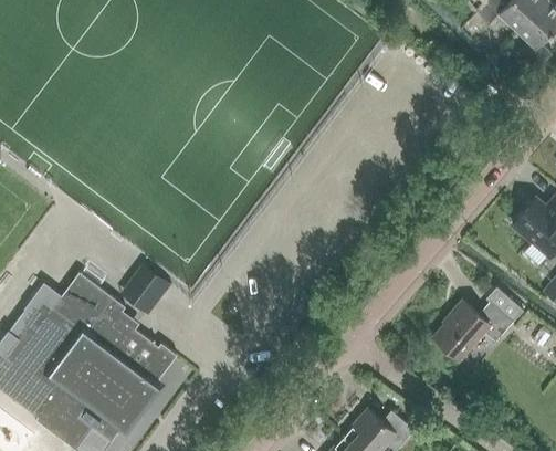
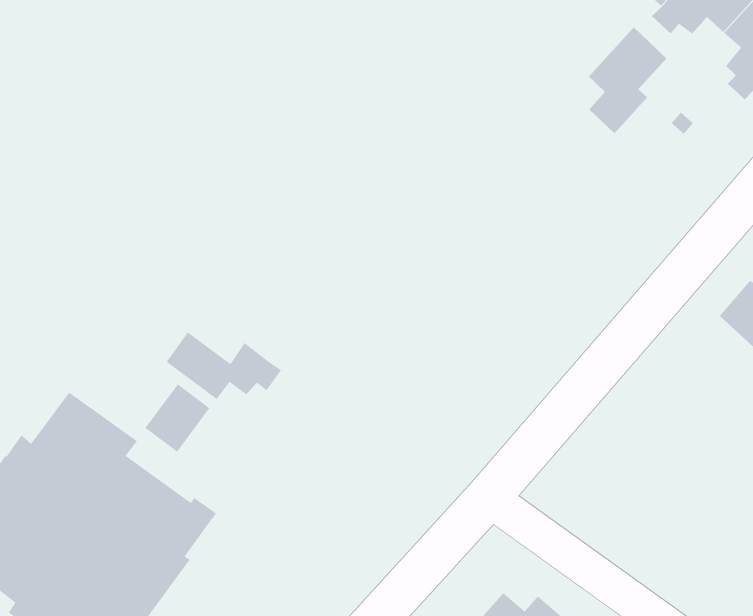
building: none -> [588,26,667,134]
building: none -> [166,332,282,400]
building: [434,287,525,360] -> none

